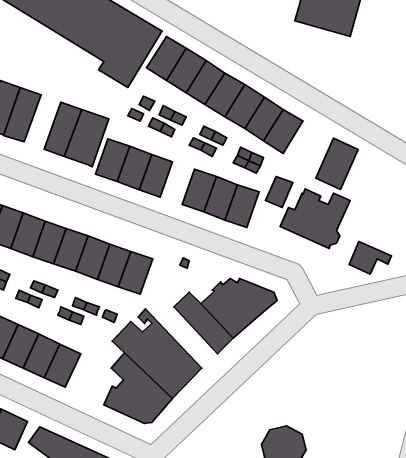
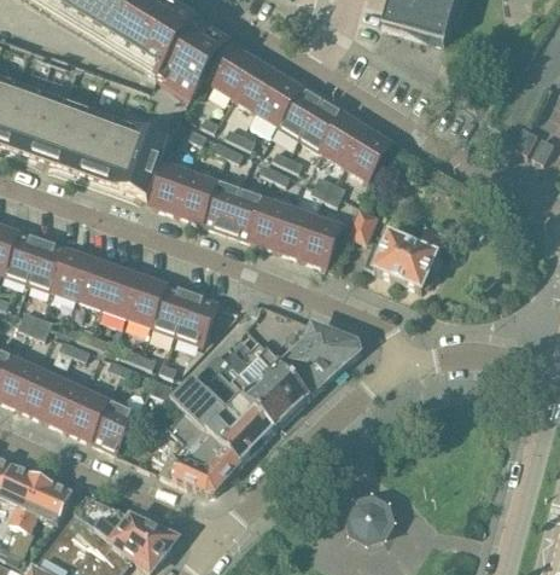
building: none -> [69,112,111,175]
building: [316,138,358,190] -> none
building: none -> [226,190,266,239]
building: [349,241,392,274] -> none
building: none -> [209,350,292,429]

